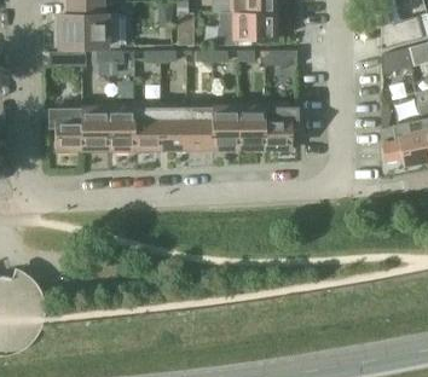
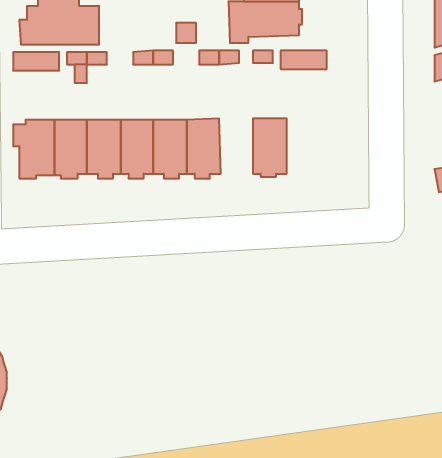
building: [212,104,238,150] -> none
building: [265,104,296,150] -> none

